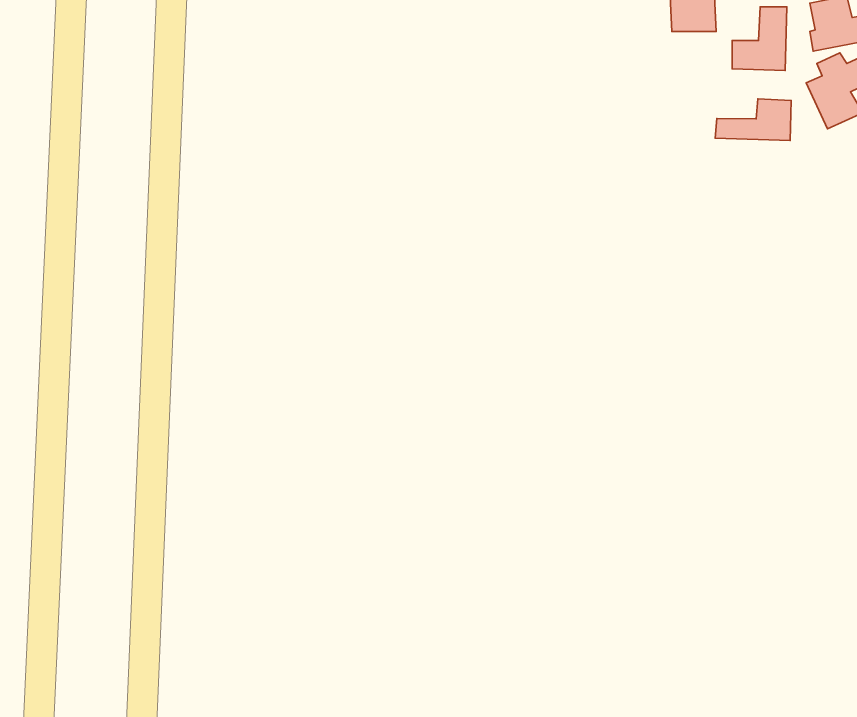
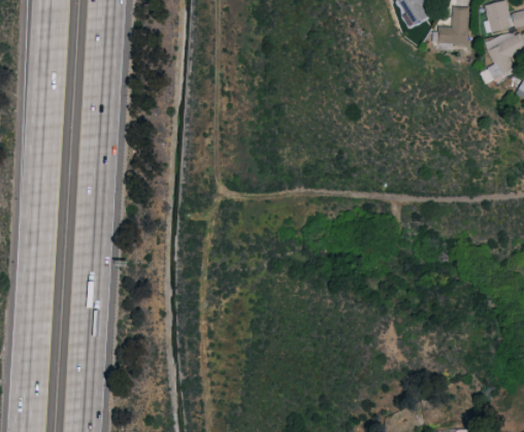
building: [715,99,791,140] -> none

